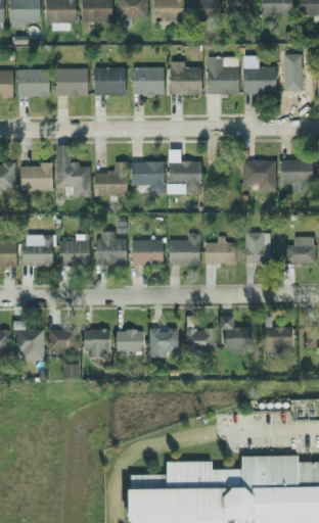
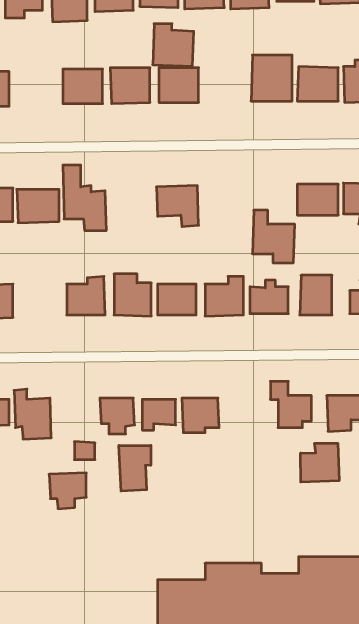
building: [169,60,201,94] -> [153,24,194,66]
building: [16,68,49,96] -> none
building: [168,149,201,191] -> [252,210,295,263]
building: [94,160,127,195] -> none
building: [21,234,52,266] -> none
building: [50,330,80,359] -> [49,473,86,509]
building: [187,330,217,352] -> none
building: none -> [301,443,339,482]
building: none -> [119,445,151,491]

